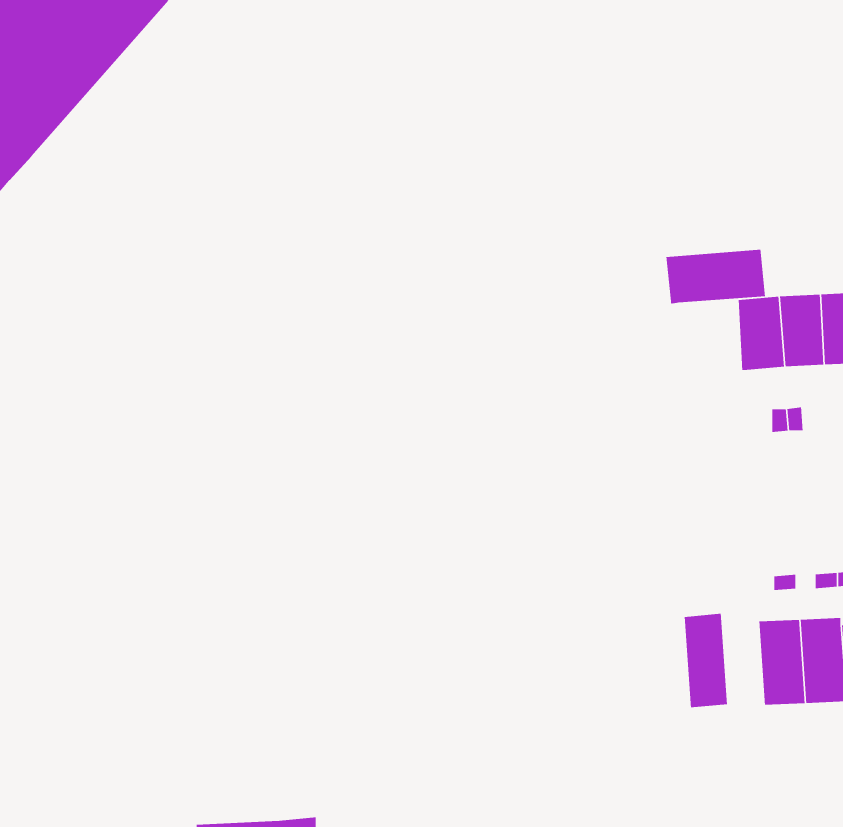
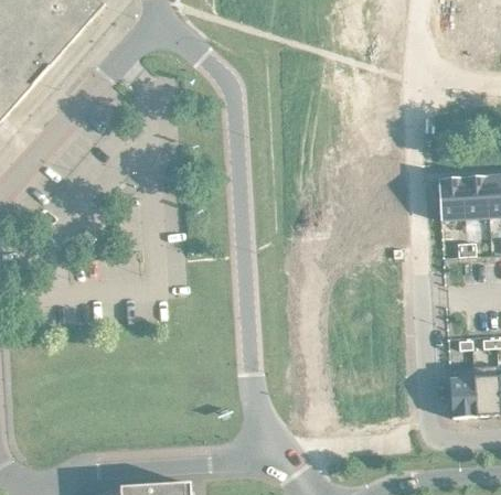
building: [666,249,766,304] -> none
building: [684,613,728,708] -> none

